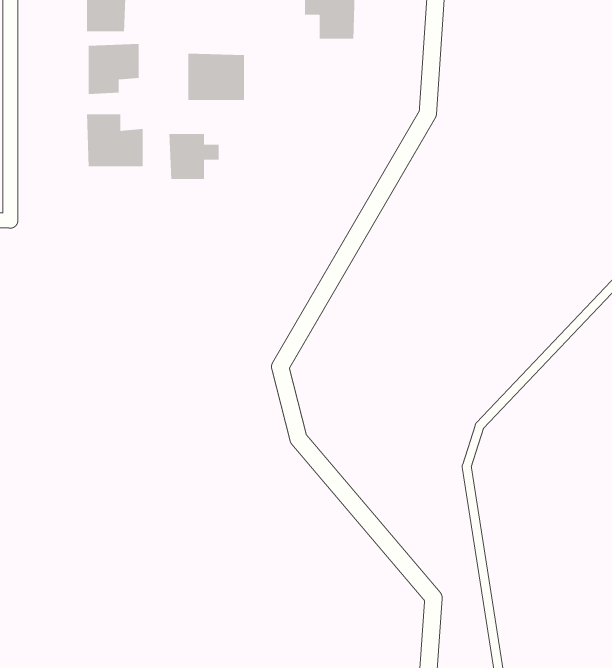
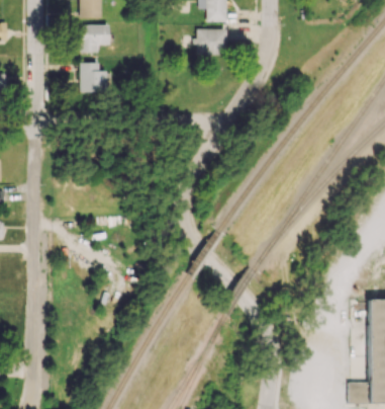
building: [188,53,245,101] -> [196,28,227,55]
building: [169,133,219,180] -> none

